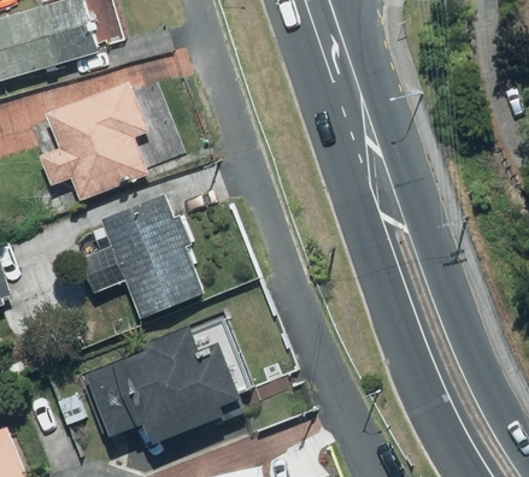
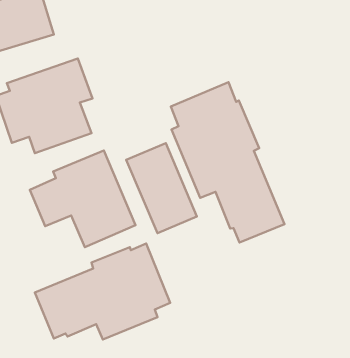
building: none -> [171,82,285,243]
building: none -> [126,143,197,233]

